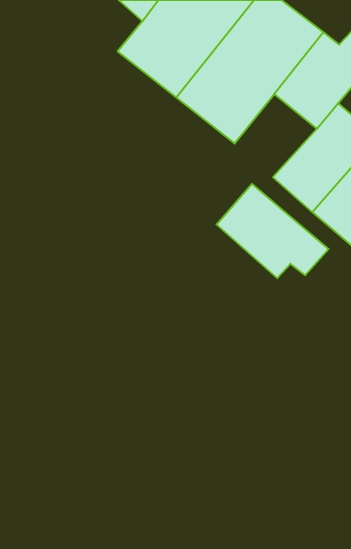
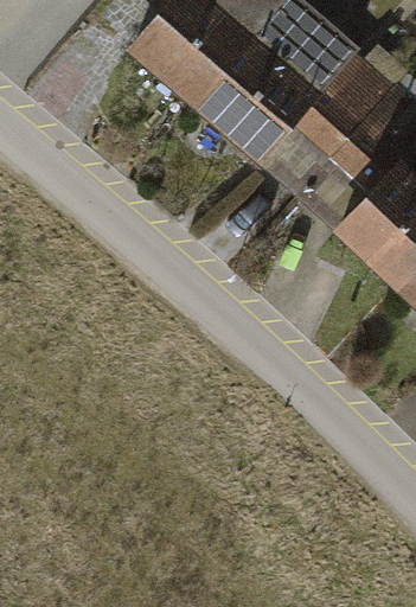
building: [216,184,329,278] -> none

